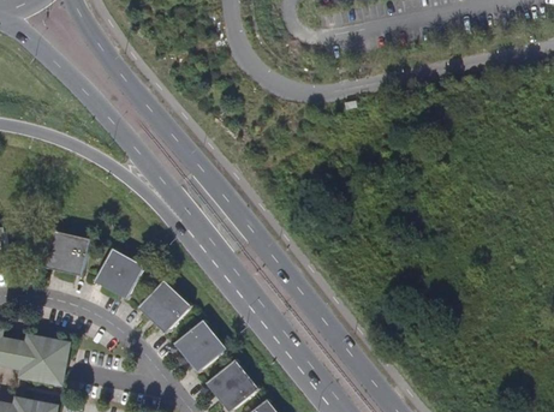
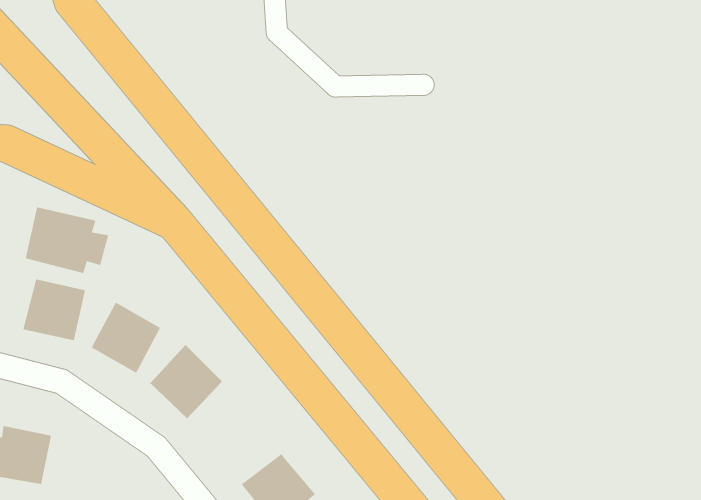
building: none -> [25,207,109,274]
building: [173,320,226,374] -> none

